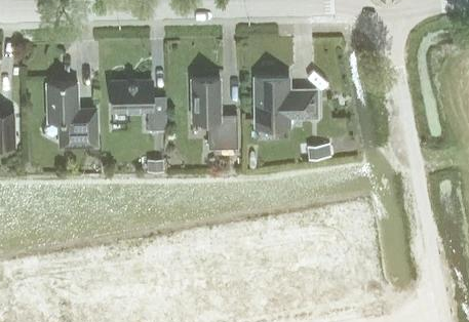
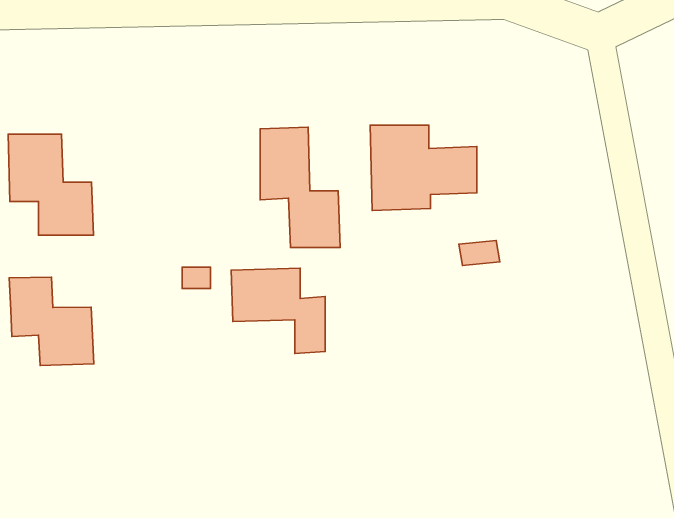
building: [111,81,165,130] -> [231,268,325,353]
building: none -> [9,277,94,365]

